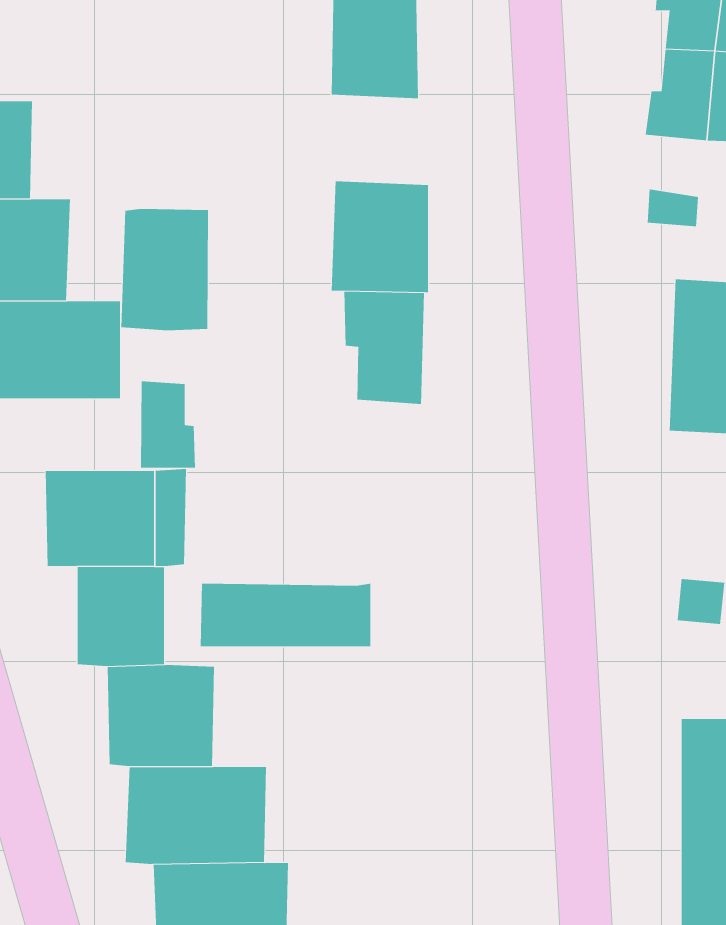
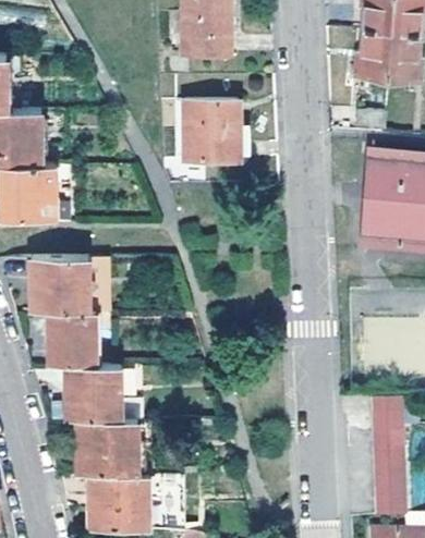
building: [121,208,209,331] -> none
building: [344,291,425,405] -> none
building: [141,381,196,469] -> none
building: [200,583,371,647] -> none

